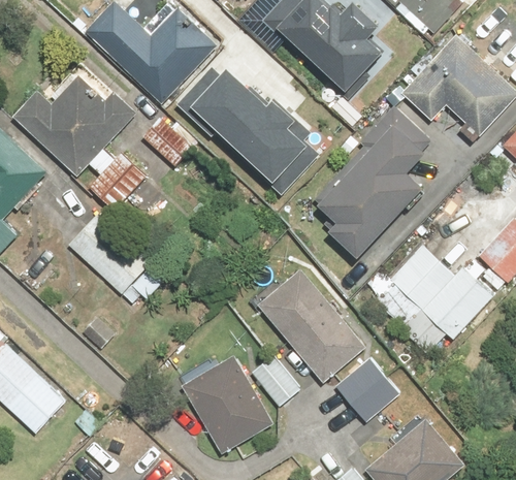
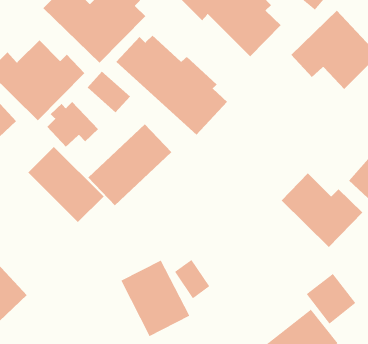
building: [309,101,436,255] -> none
building: none -> [87,123,172,206]
building: [255,262,367,380] -> none
building: [332,358,397,424] -> [306,273,356,324]

